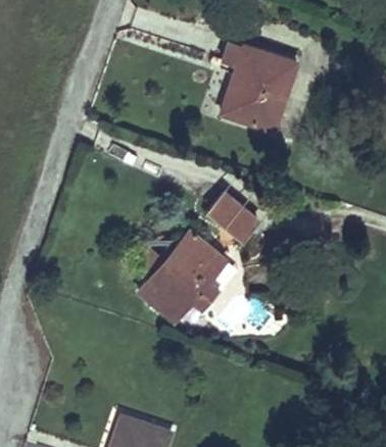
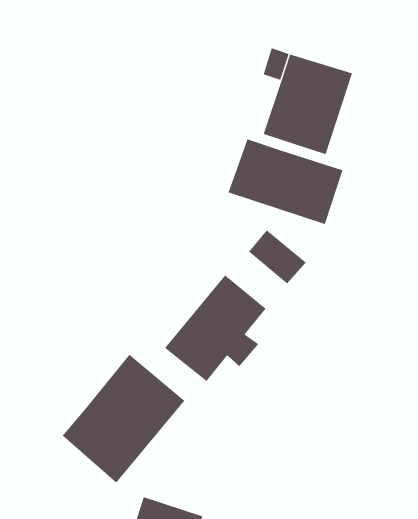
building: none -> [228,139,343,225]
building: none -> [62,354,185,483]

